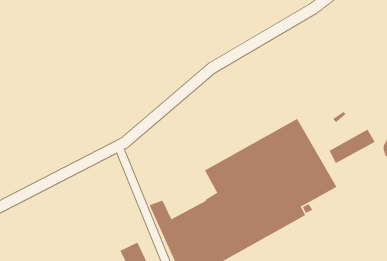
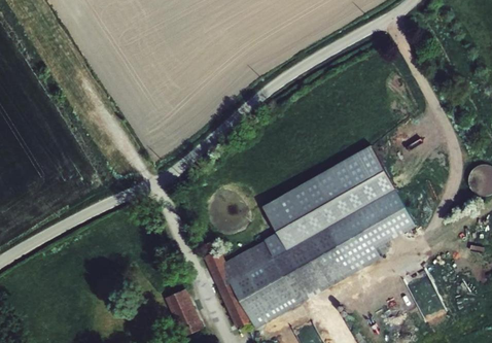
building: [328,128,376,164] -> none

